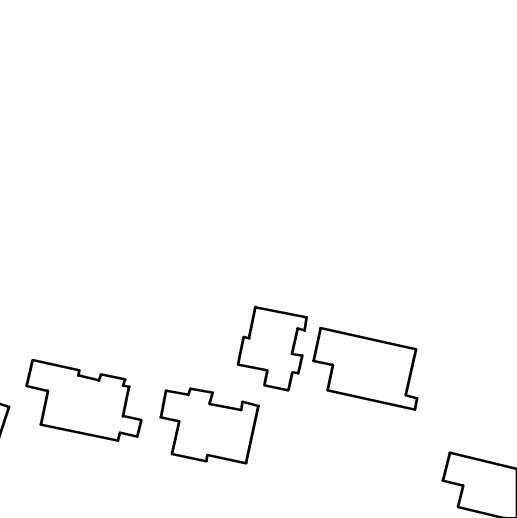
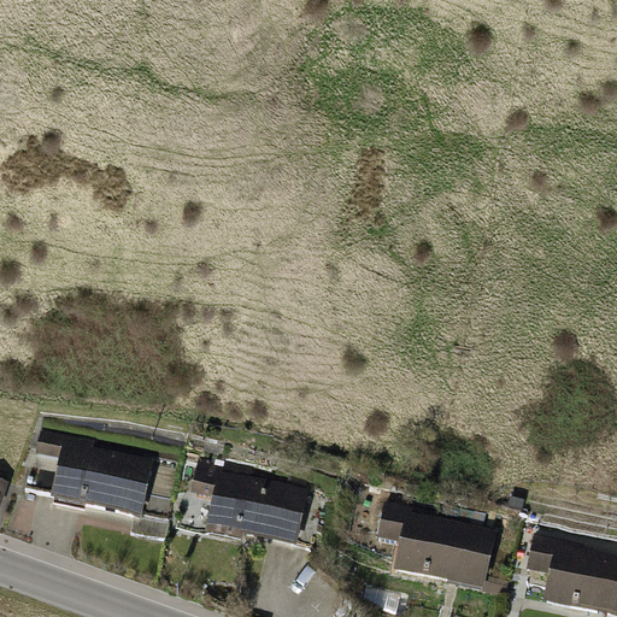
building: [238,307,307,390] -> none
building: [313,328,417,410] -> [376,499,499,595]

